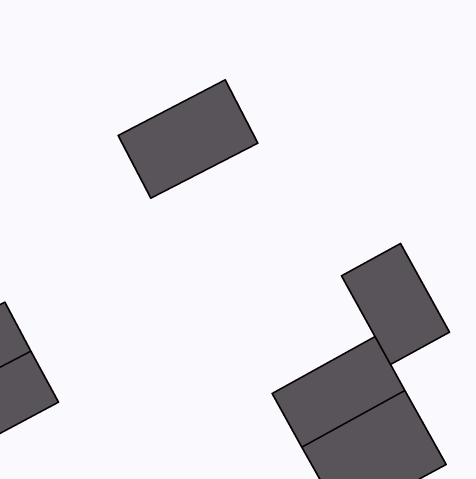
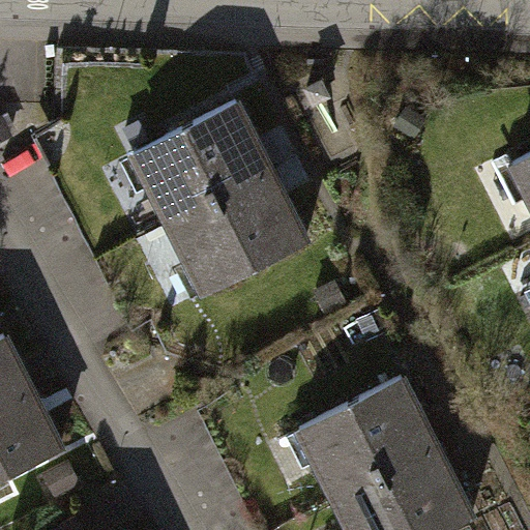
building: none -> [163,168,316,300]
building: [342,243,449,365] -> none

